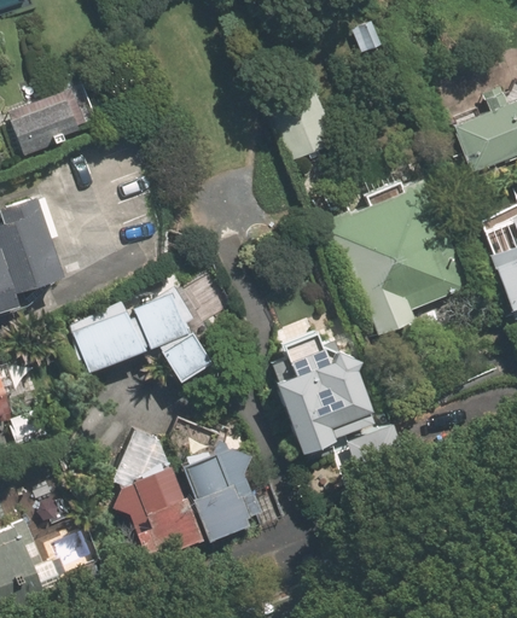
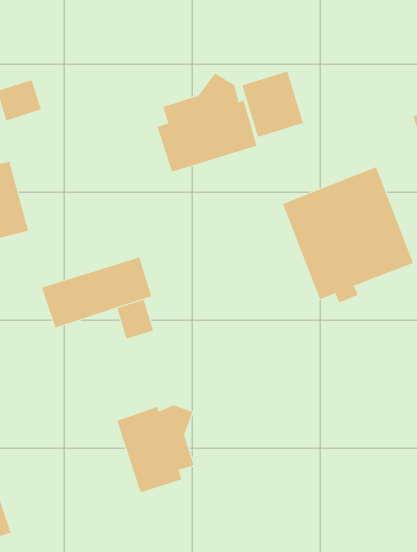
building: none -> [157,72,257,172]
building: [268,338,365,453] -> none
building: [95,466,191,564] -> none

